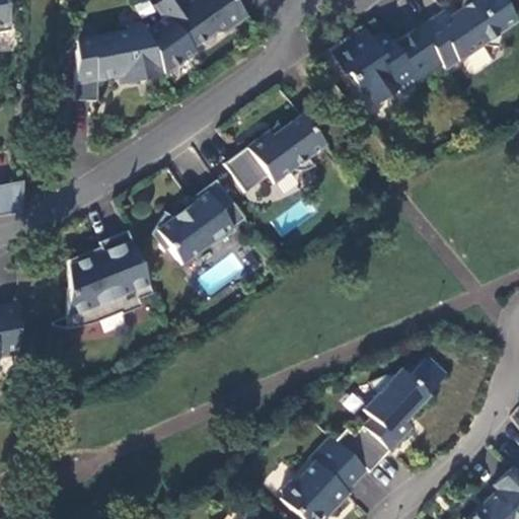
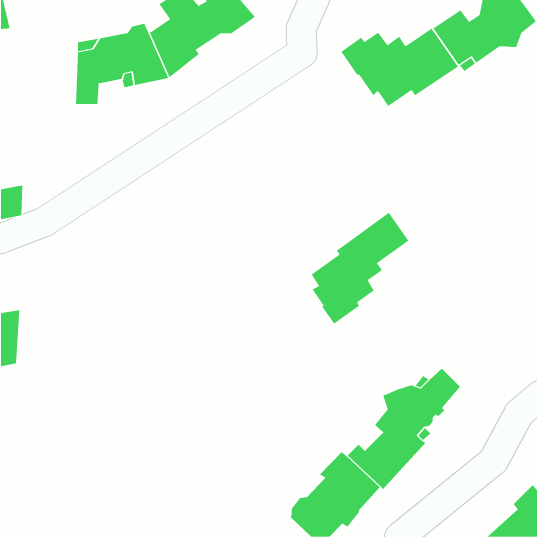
building: [225,114,327,193] -> none
building: [152,179,245,265] -> none
building: none -> [311,212,410,325]
building: [67,230,154,327] -> none

